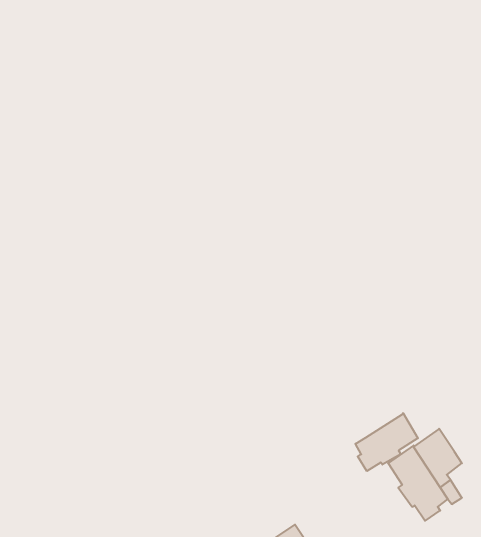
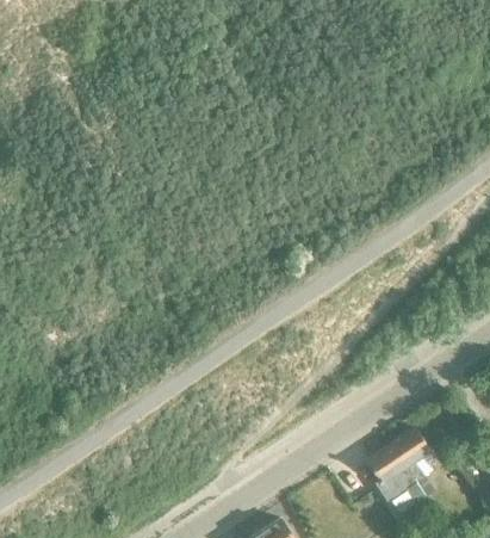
building: [355,413,418,471] -> none

